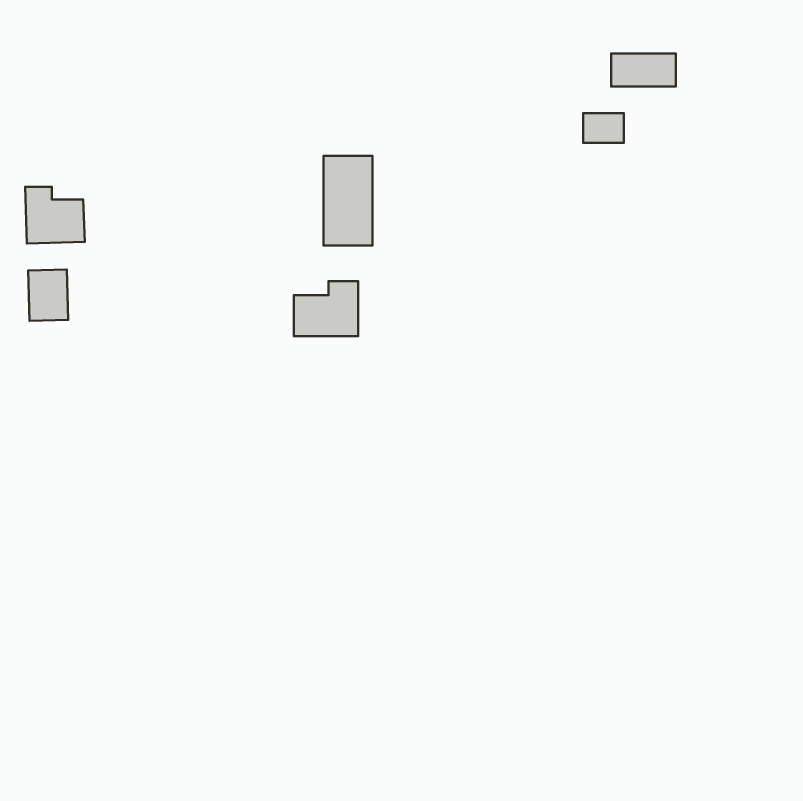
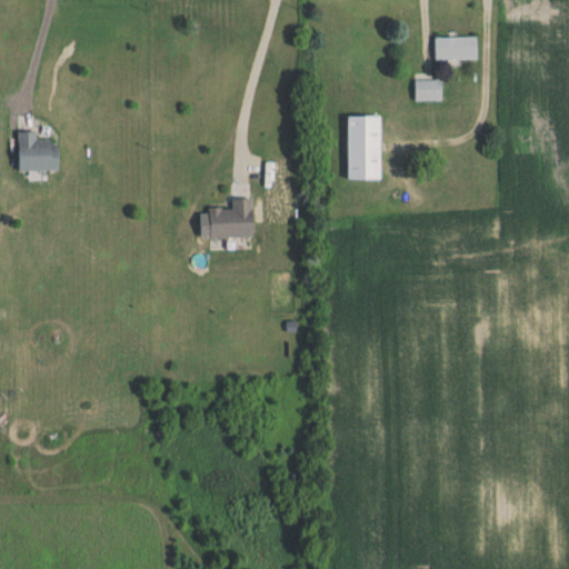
building: [324,156,372,245] -> [347,116,381,179]
building: [28,269,68,321] -> none

